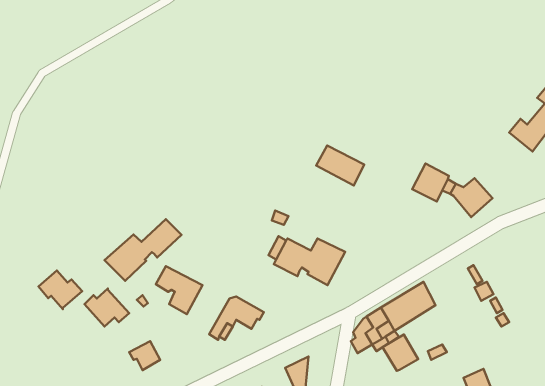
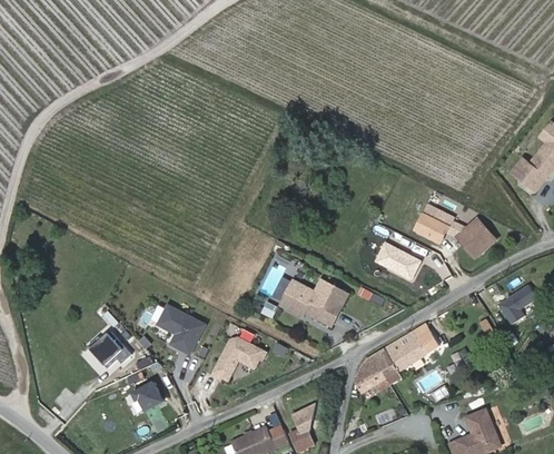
building: [316,145,364,186] -> [374,239,422,279]
building: [104,219,181,281] -> none
building: none -> [497,284,536,324]
building: [39,271,82,309] -> none
building: [383,334,418,371] -> none

